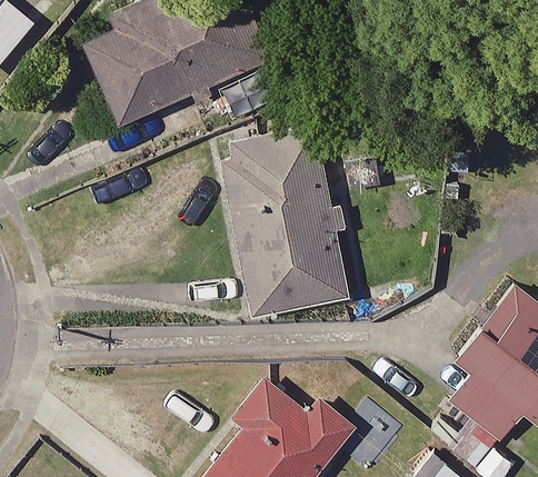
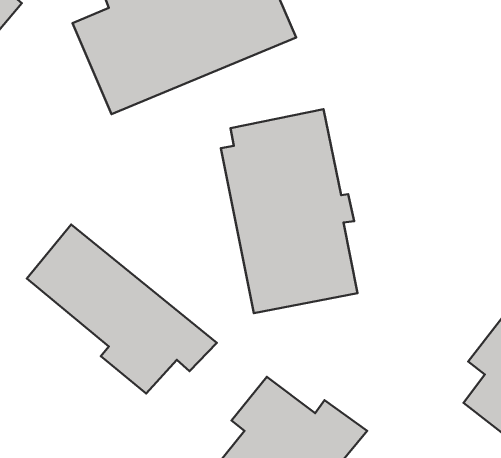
building: none -> [27,225,217,394]

